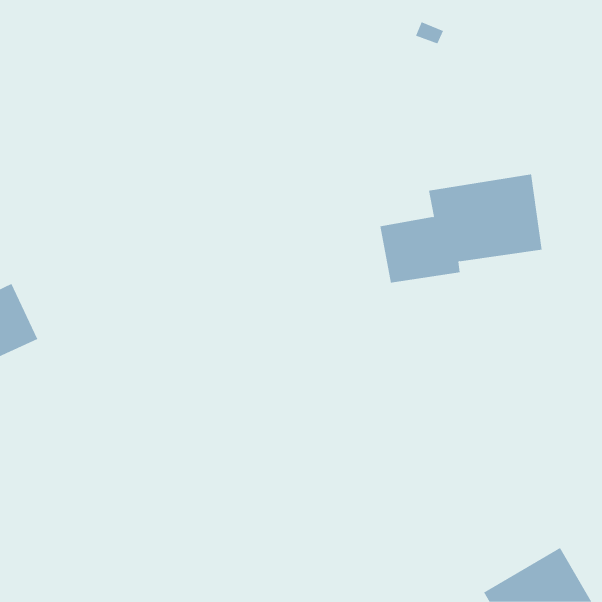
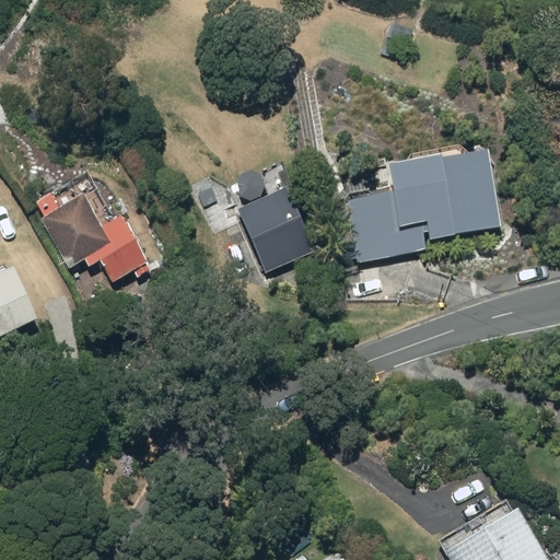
building: none -> [237,188,313,271]
building: none -> [38,190,141,277]

